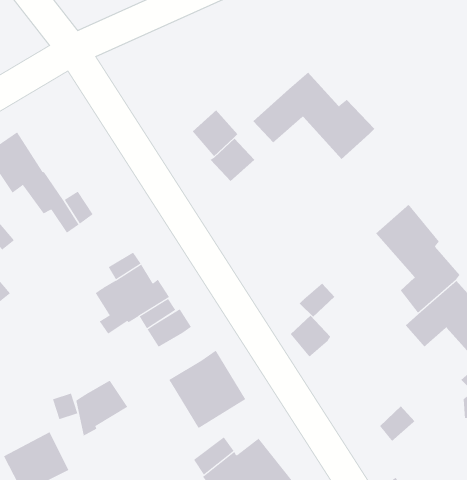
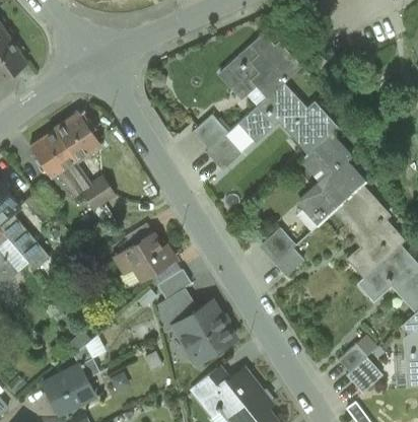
building: none -> [220,34,300,96]
building: none -> [55,114,100,161]
building: none -> [303,132,366,221]
building: [290,315,331,358] -> [264,228,296,262]
building: [75,380,128,437] -> [157,288,199,333]
building: none -> [346,358,382,394]

